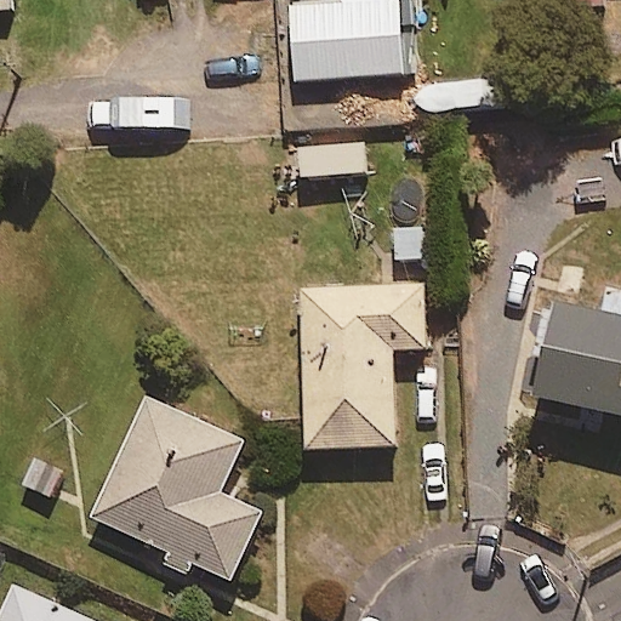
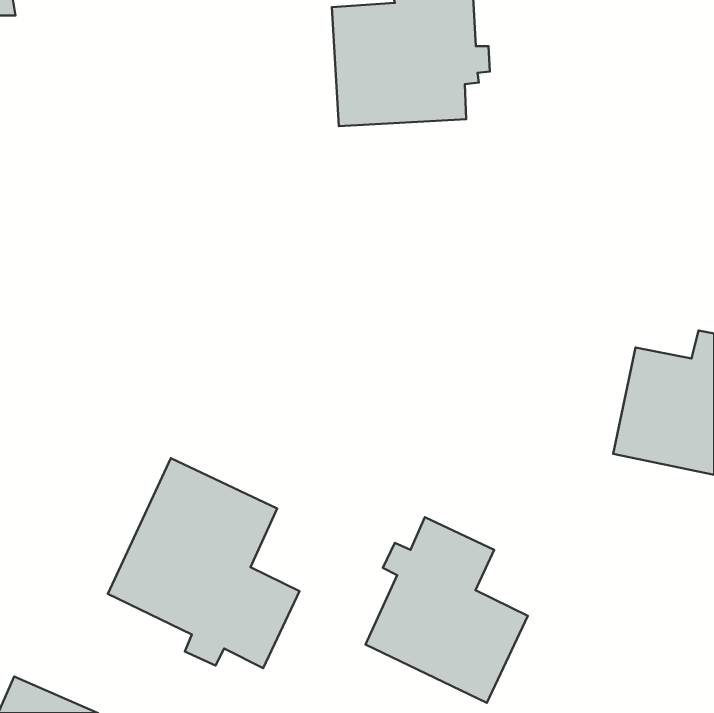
building: [301,285,425,446] -> none
building: none -> [365,517,528,703]

